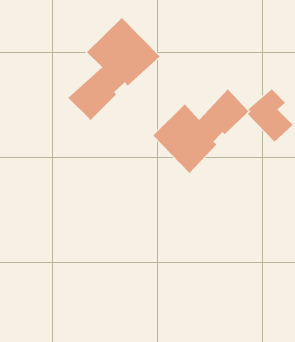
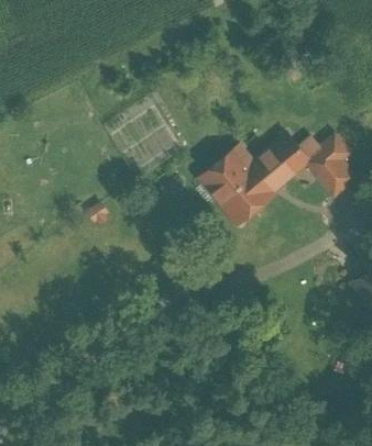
building: [67,17,161,121] -> none

